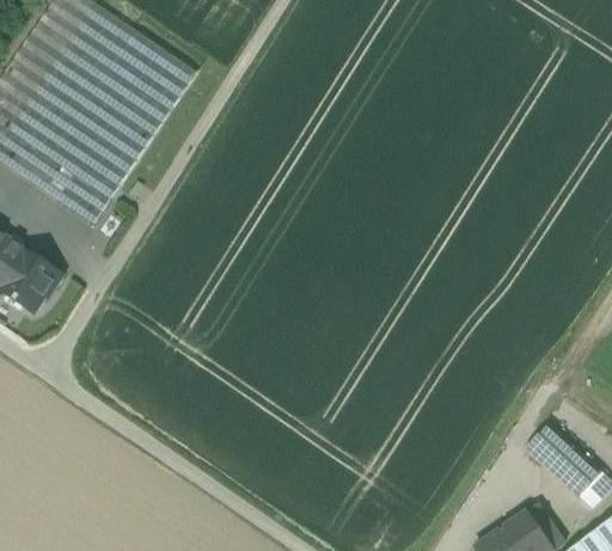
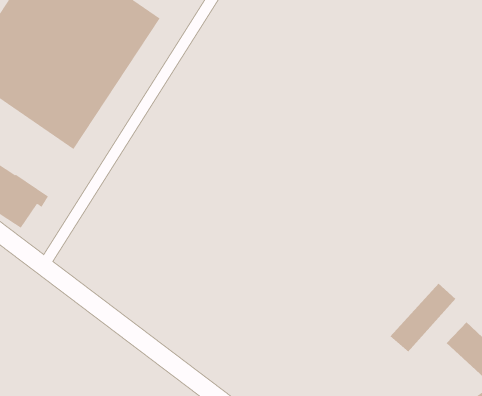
building: none -> [390,283,456,353]

